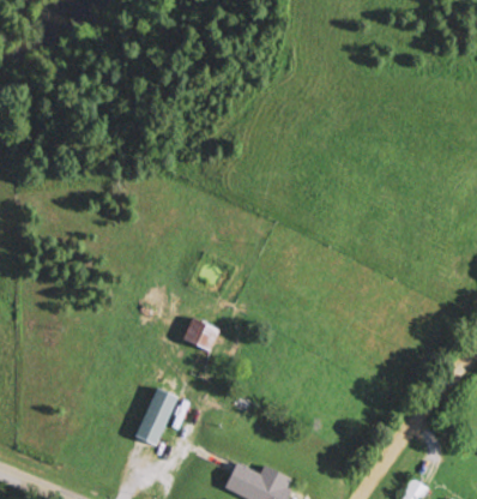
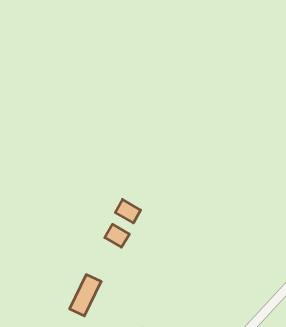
building: none -> [115,199,141,223]

